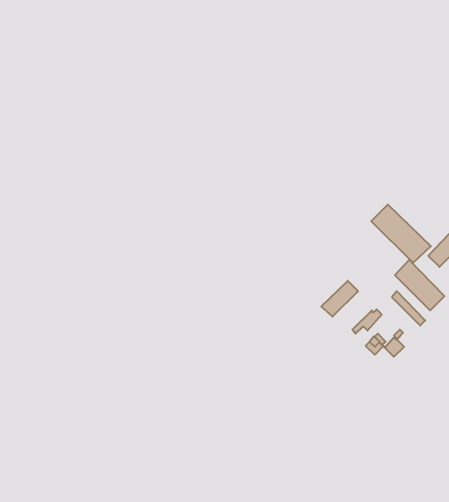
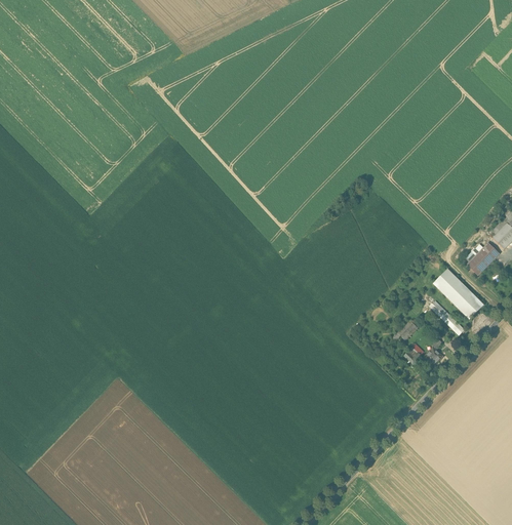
building: [371,205,431,263] -> none
building: [321,281,358,317] -> none

